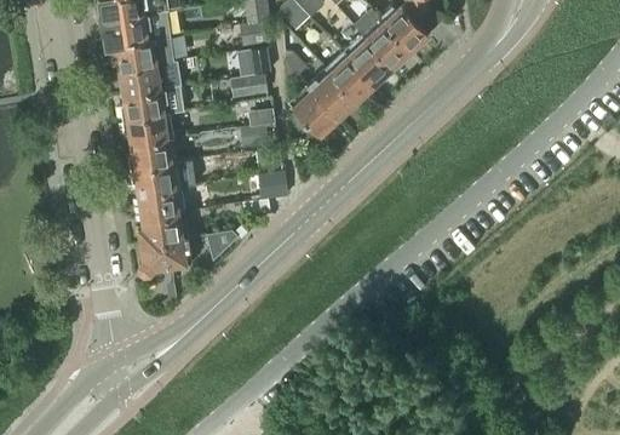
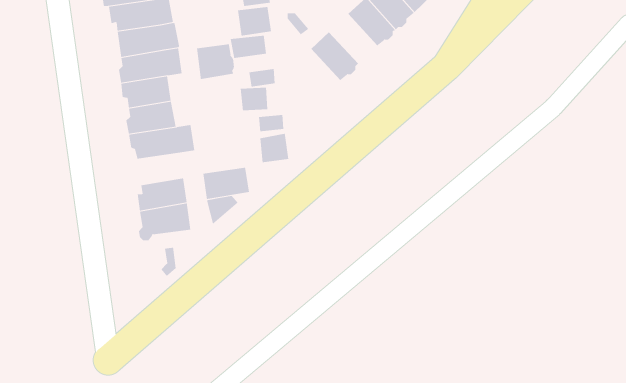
building: [326,52,373,101] -> none
building: none -> [196,43,234,80]
building: [289,86,337,134] -> none
building: [138,188,184,219] -> [203,167,250,200]

